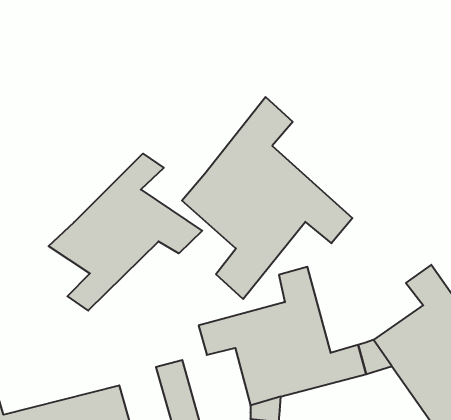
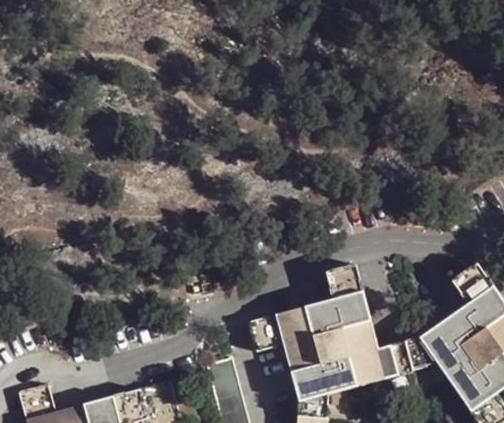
building: [182,97,352,299] -> none
building: [49,154,202,311] -> none

